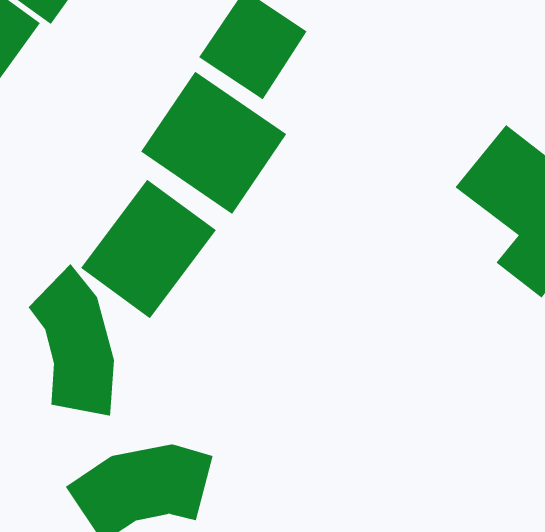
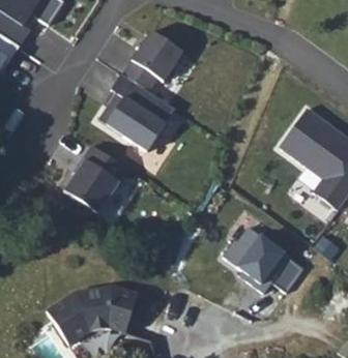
building: [28,263,115,416] -> none
building: none -> [225,227,300,288]

